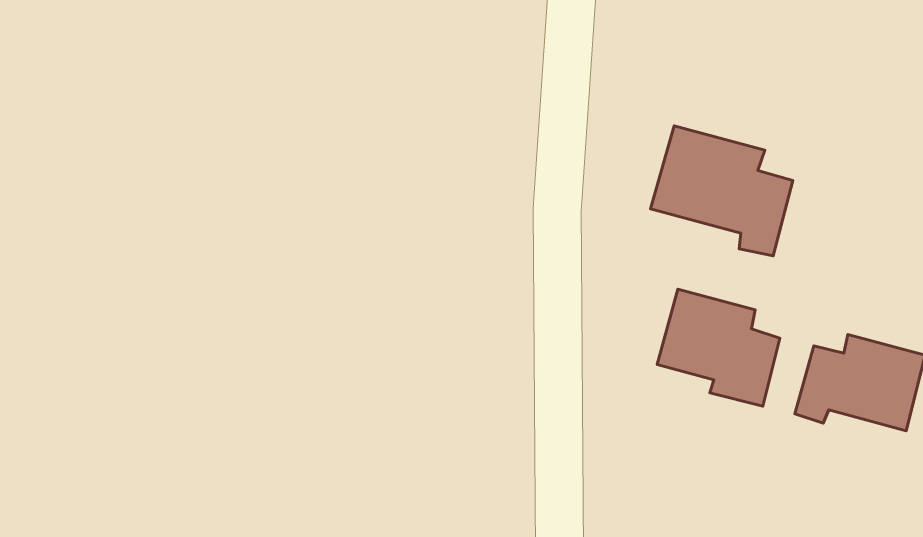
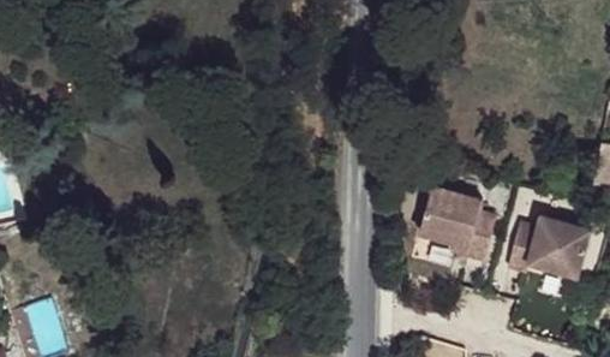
building: [650,126,793,256] -> none

